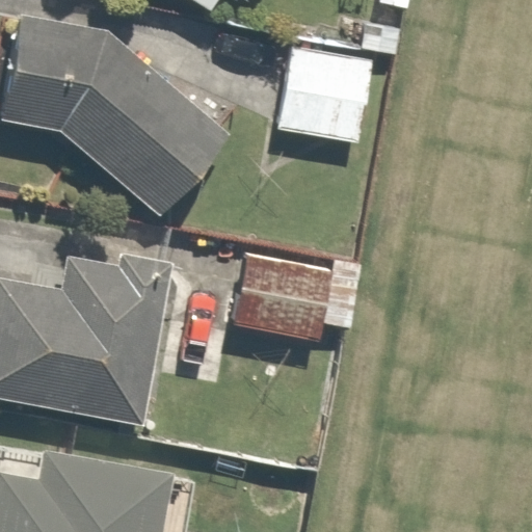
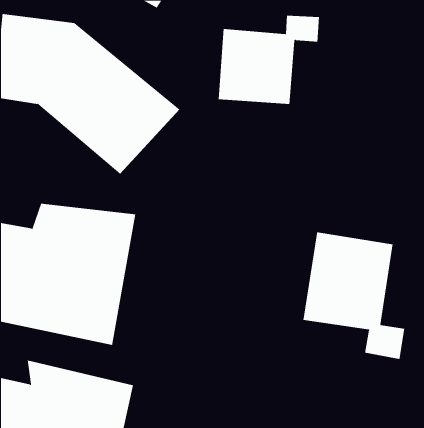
building: [231,247,371,332] -> none
building: none -> [303,232,405,360]

